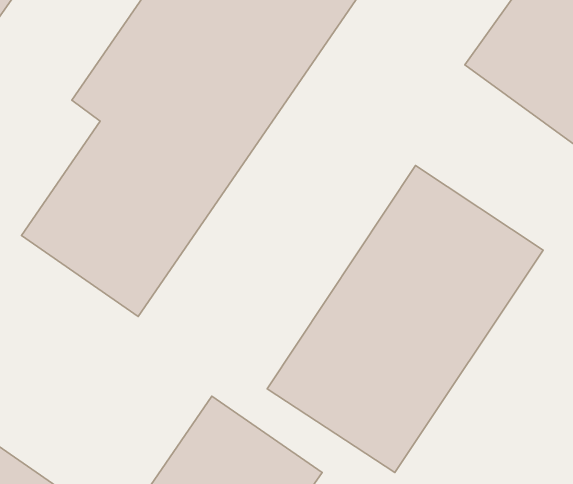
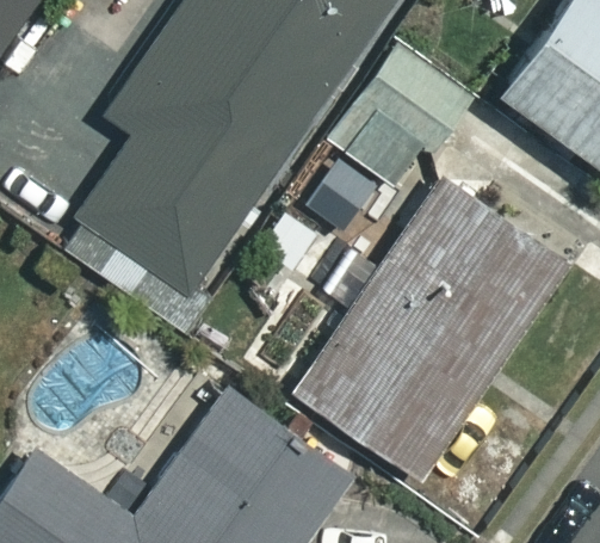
building: none -> [323,44,465,190]

